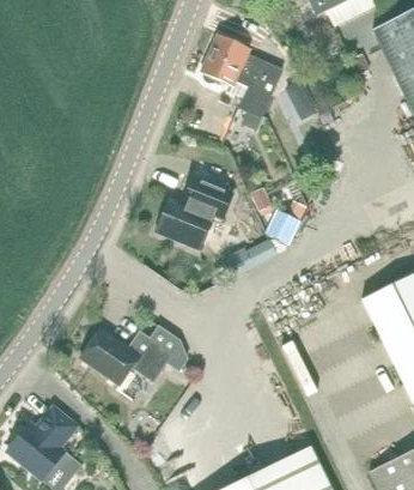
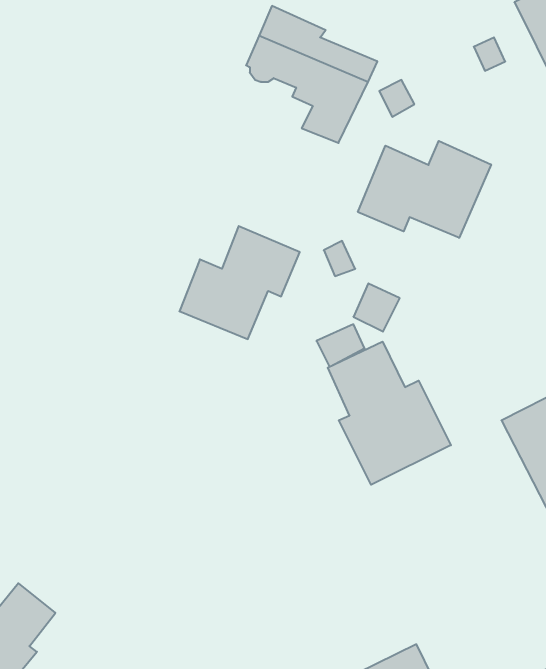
building: none -> [358,141,491,238]
building: none -> [328,342,451,485]
building: [79,327,184,385] -> none

